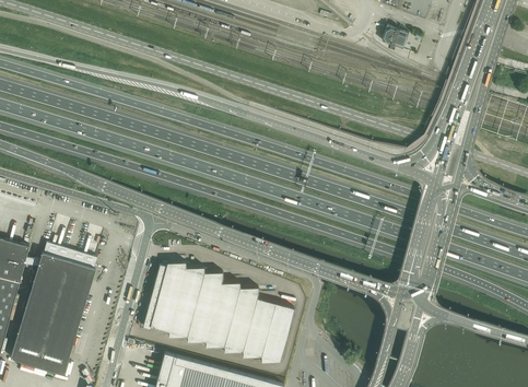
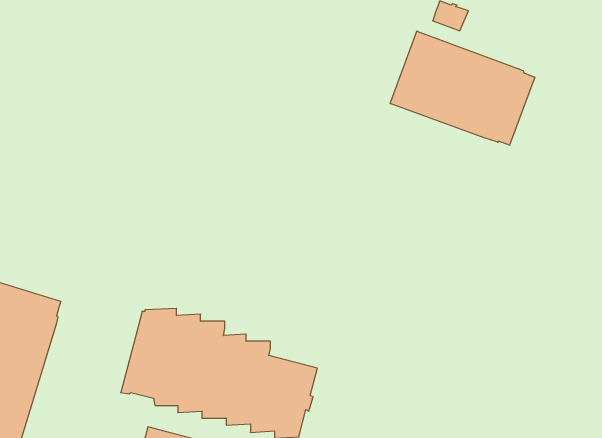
building: none -> [390,31,535,145]

